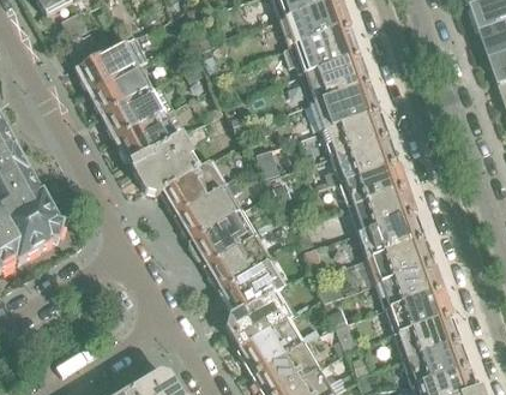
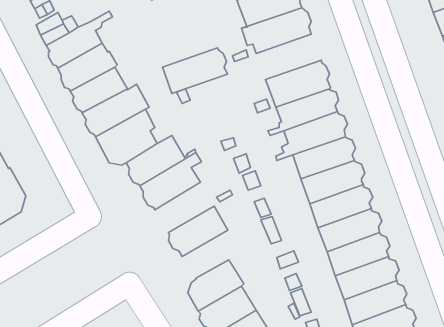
building: [299,53,367,101] -> [163,48,228,94]
building: [192,209,254,262] -> none
building: [221,259,283,310] -> none

